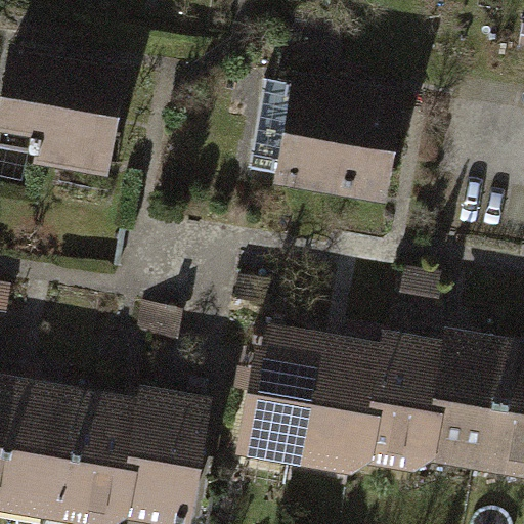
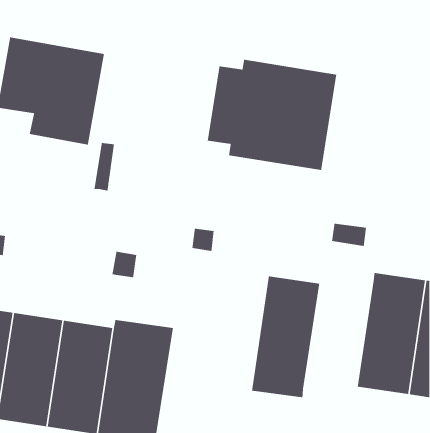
building: [241,324,322,473] -> none
building: [365,331,448,479] -> none

